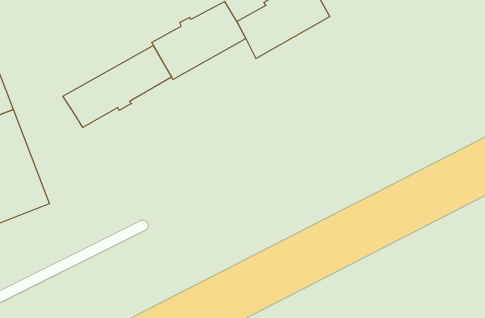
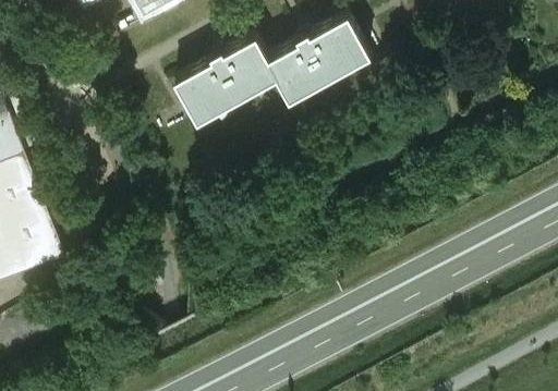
building: [63,46,171,127] -> none

